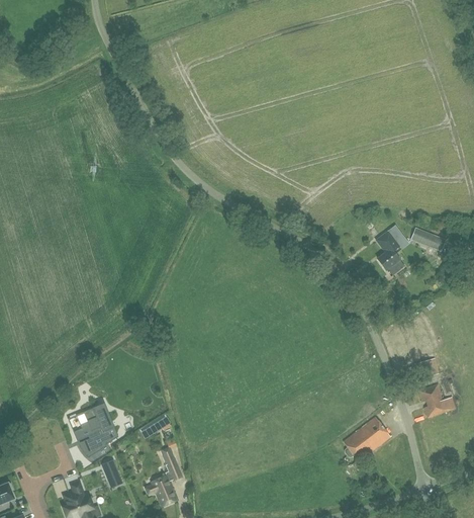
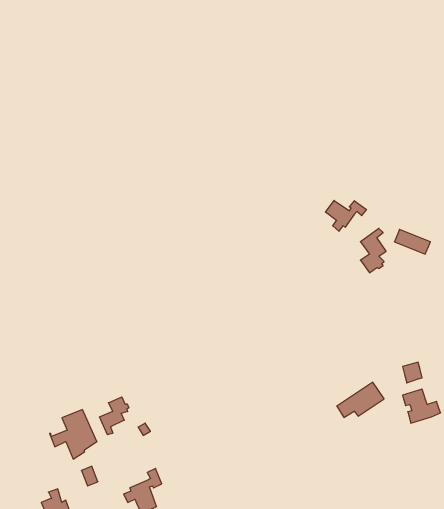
building: none -> [325,200,366,231]
building: none -> [99,397,129,435]
building: [349,422,395,456] -> [337,382,384,417]

